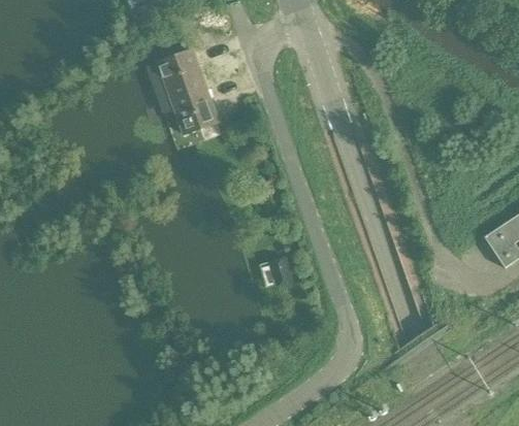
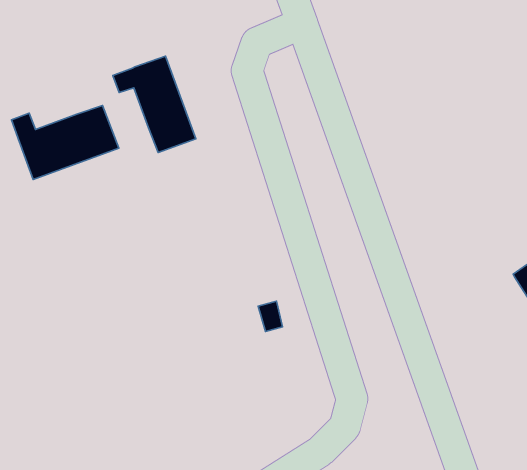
building: none -> [12,105,119,179]

